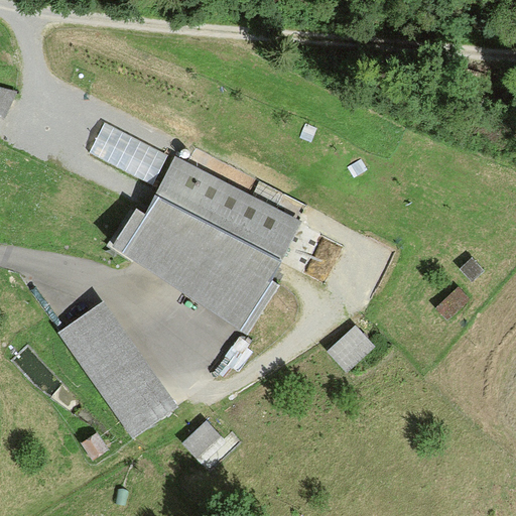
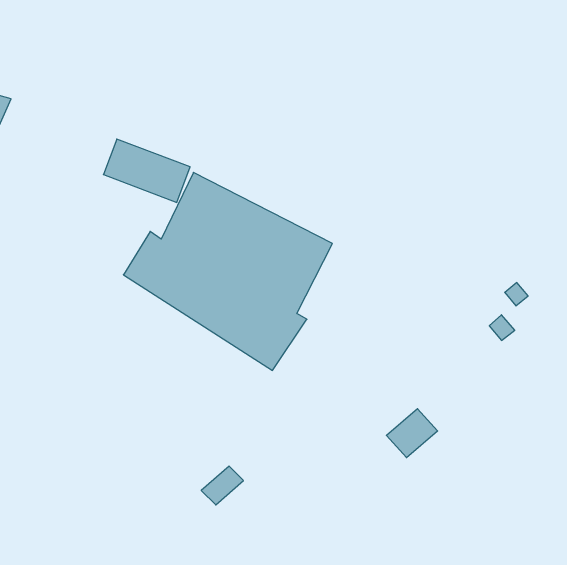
building: [57,299,176,435] -> none
building: [328,325,374,369] -> [386,409,438,458]

